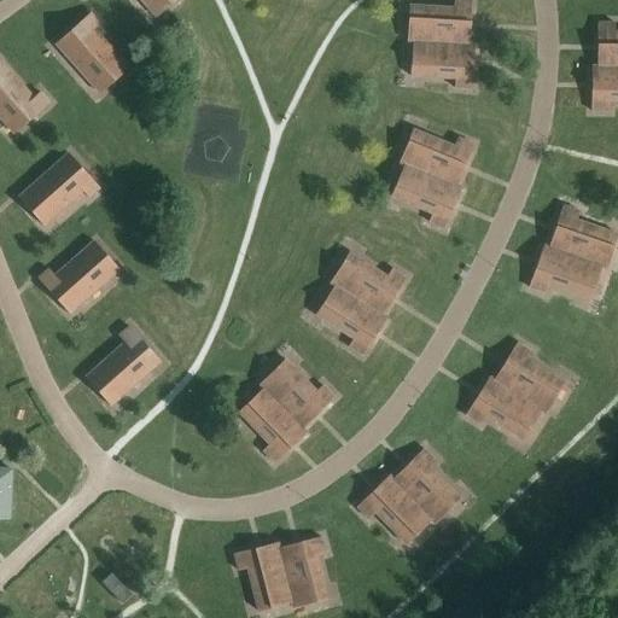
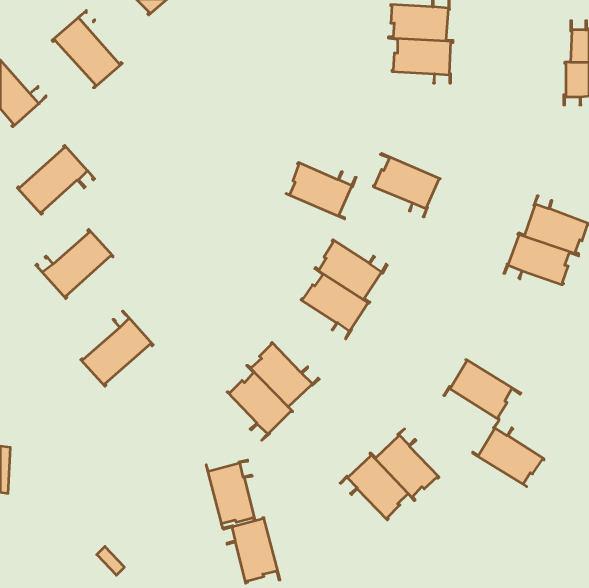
building: [400,128,473,187] -> [286,162,356,219]
building: [489,342,564,412] -> [473,420,544,487]
building: [276,536,327,607] -> [206,460,255,528]

